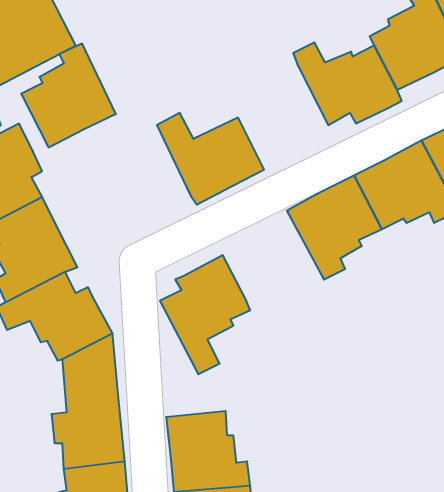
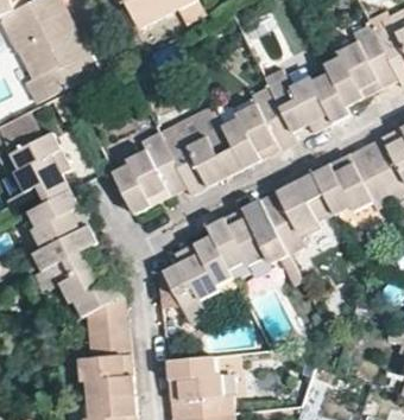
building: [21,44,116,147] -> [112,133,185,214]
building: none -> [222,87,296,167]
building: none -> [207,199,289,268]

